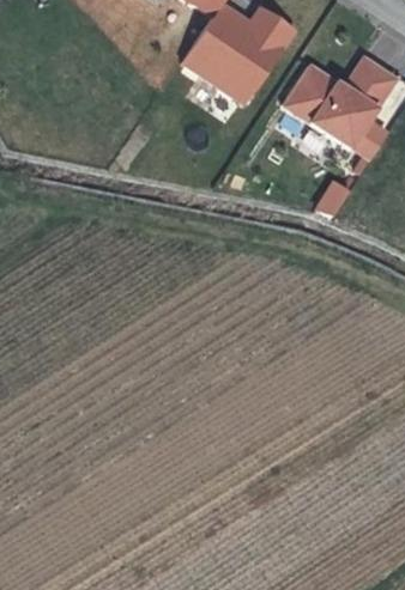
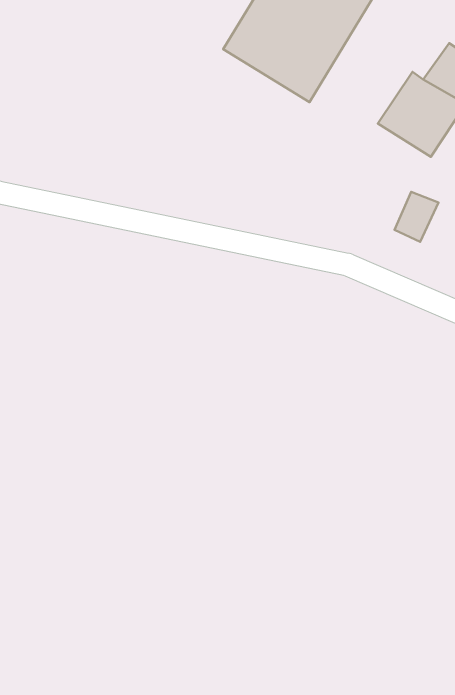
building: [279,66,333,123] -> none

